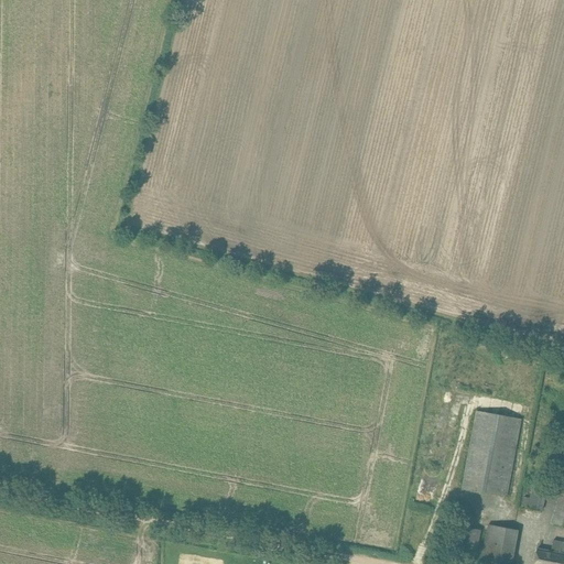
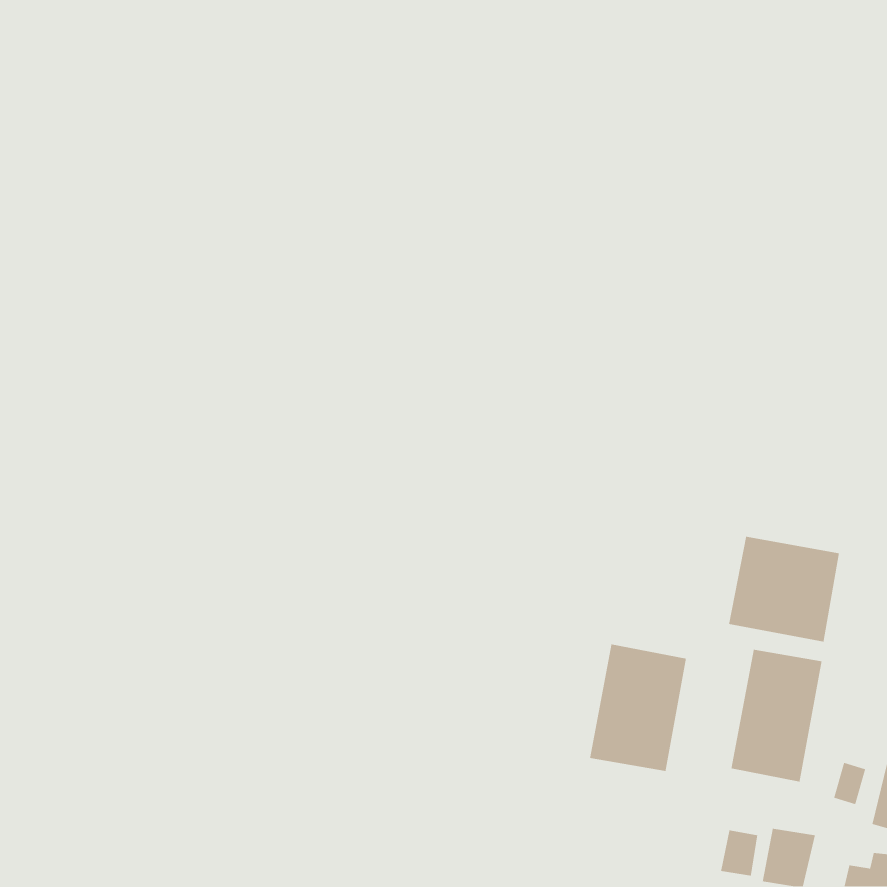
building: none -> [728,536,840,642]
building: none -> [589,643,687,772]

